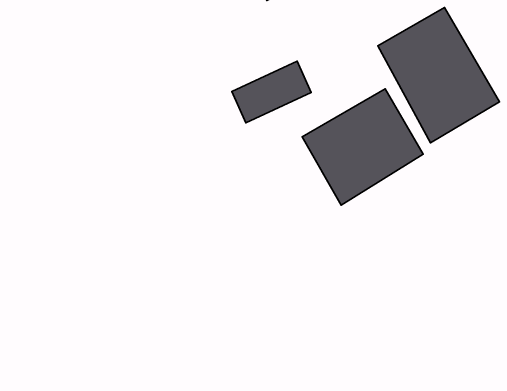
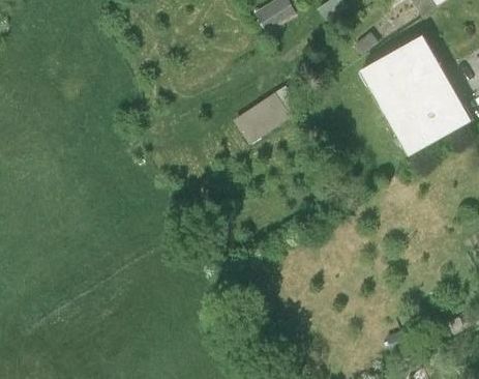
building: [302,89,423,205] -> none

